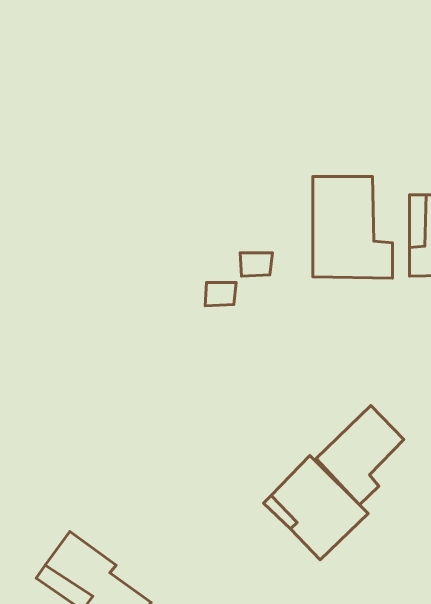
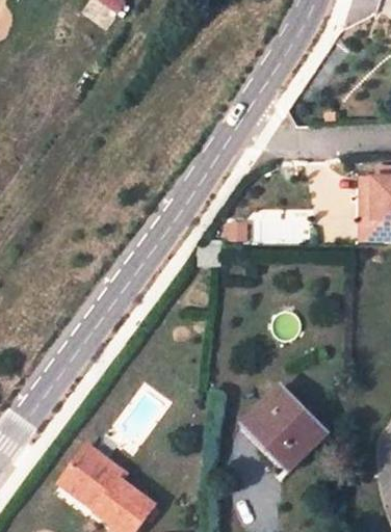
building: [313,177,392,278] -> none
building: [316,405,404,505] -> none

